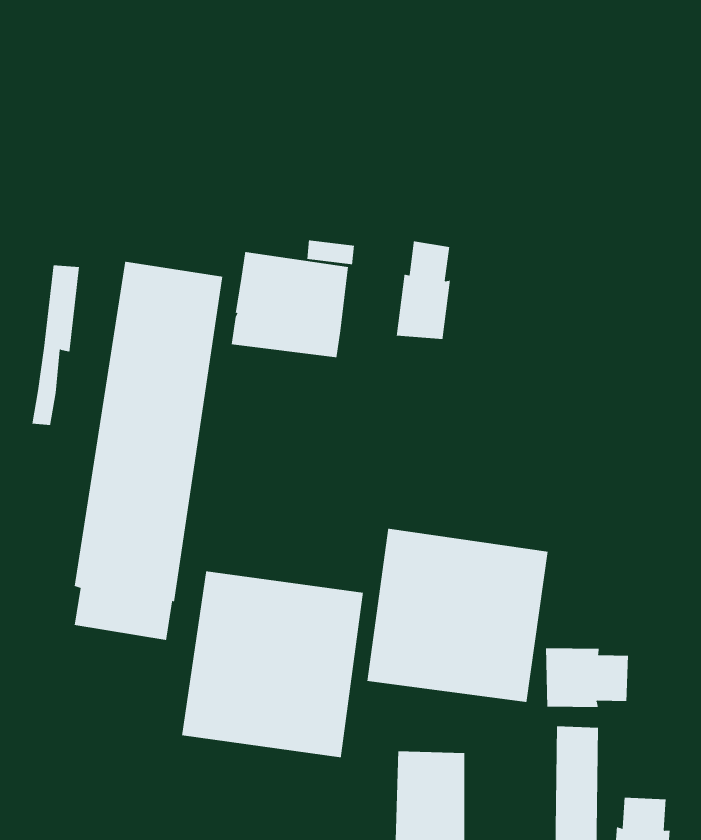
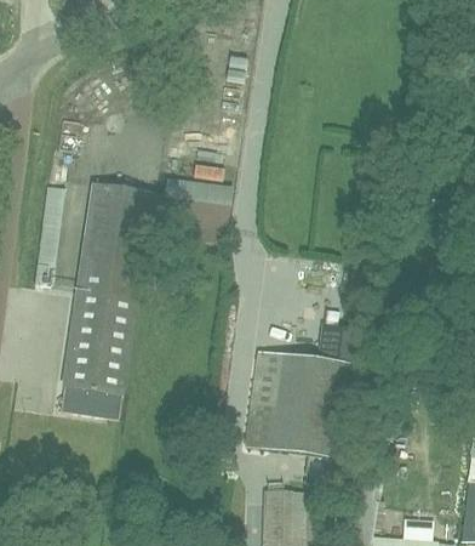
building: [396,241,450,340] -> none
building: [182,571,363,758] -> none
building: [546,647,628,708] -> none

